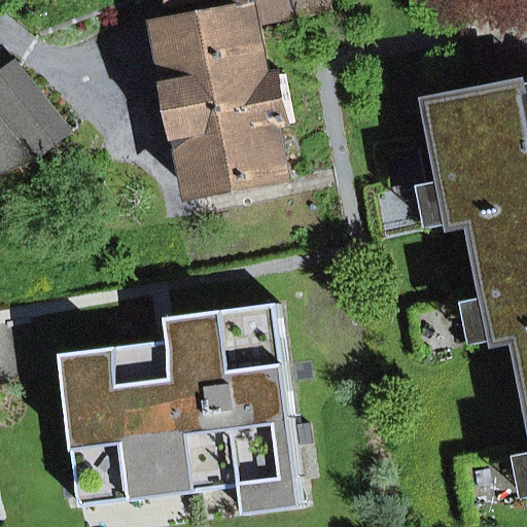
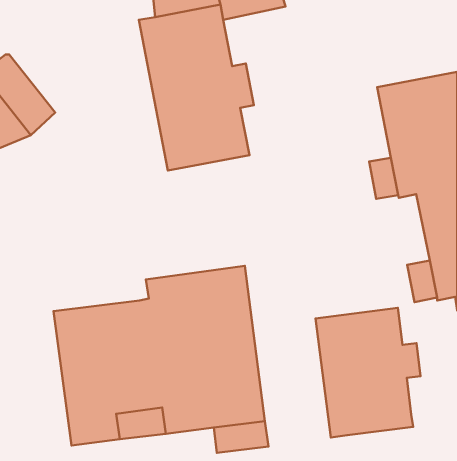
building: none -> [316,308,421,438]

